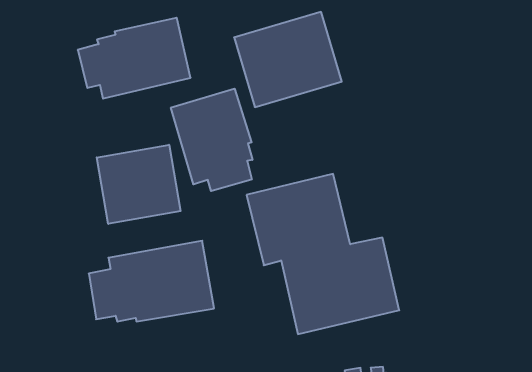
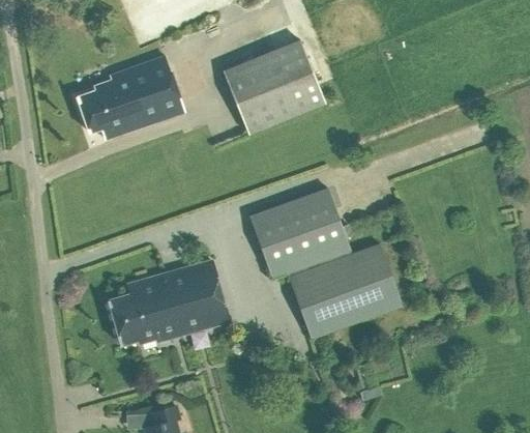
building: [171,89,252,191] -> none
building: [97,145,181,224] -> none

